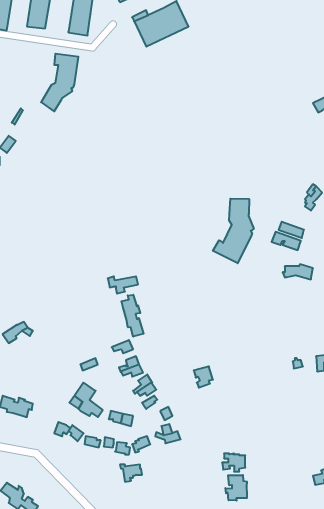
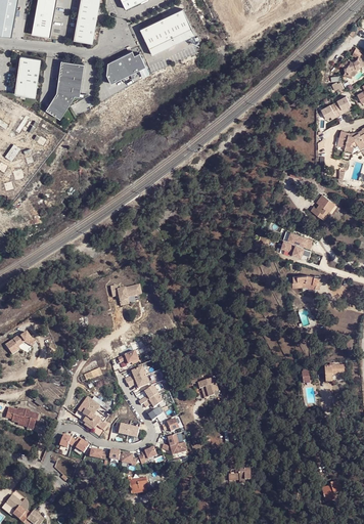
building: none -> [106,50,146,82]
building: none -> [14,55,40,97]
building: [213,199,254,263] -> none
building: [121,295,144,337] -> none
building: [225,475,247,501] -> none

